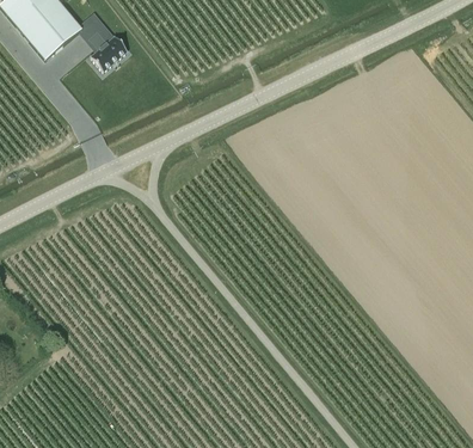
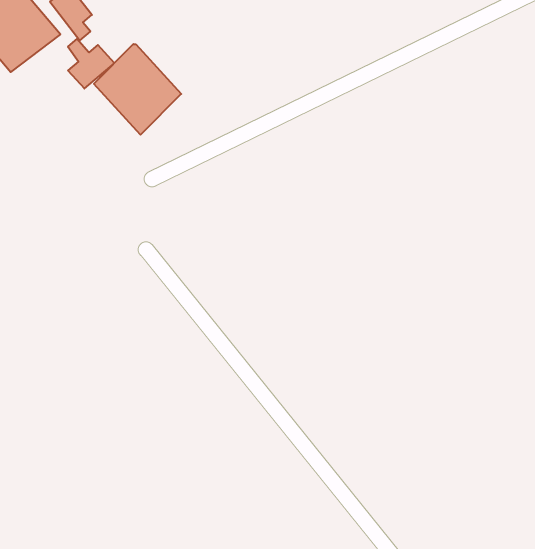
building: none -> [94,44,181,135]

